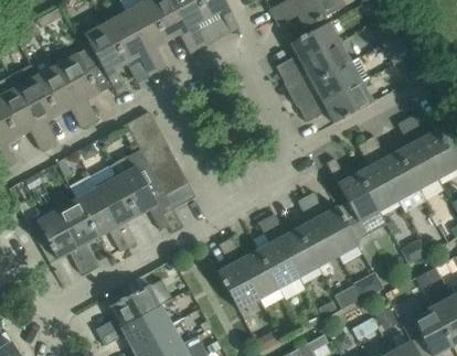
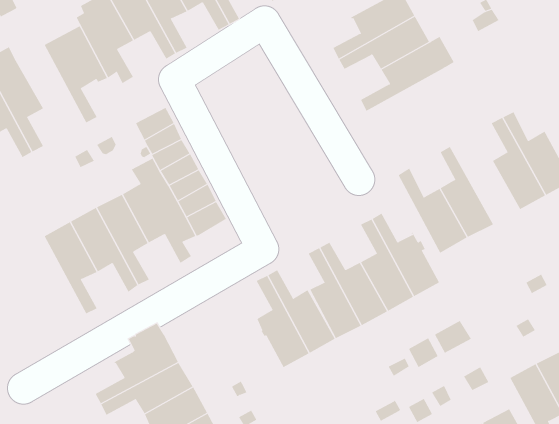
building: [35,64,88,128] -> none
building: [301,82,372,123] -> none
building: [365,137,425,213] -> none
building: [29,209,88,273] -> none

